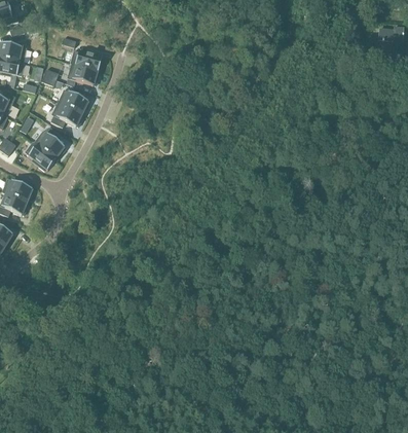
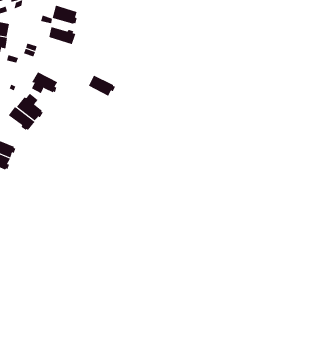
building: [67,62,97,84] -> [52,5,78,24]
building: [58,88,89,113] -> [88,75,116,96]

